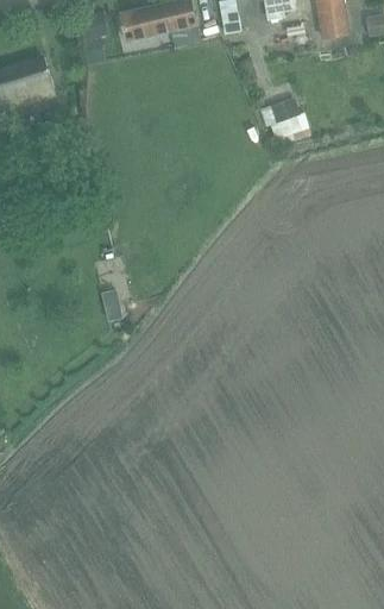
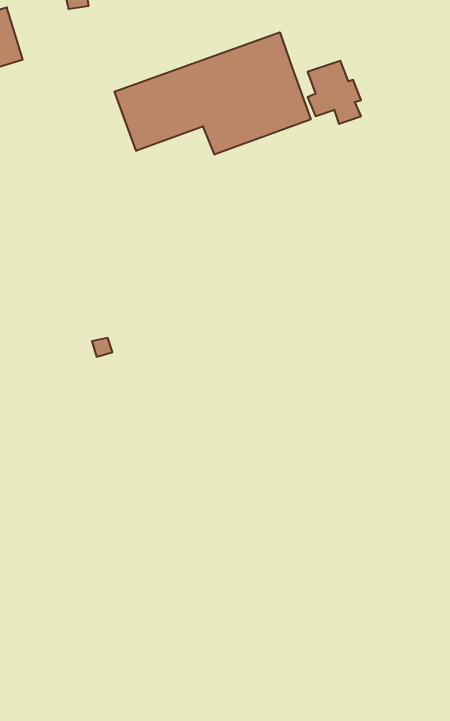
building: none -> [115,32,311,155]

